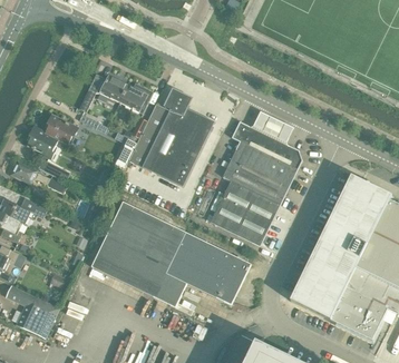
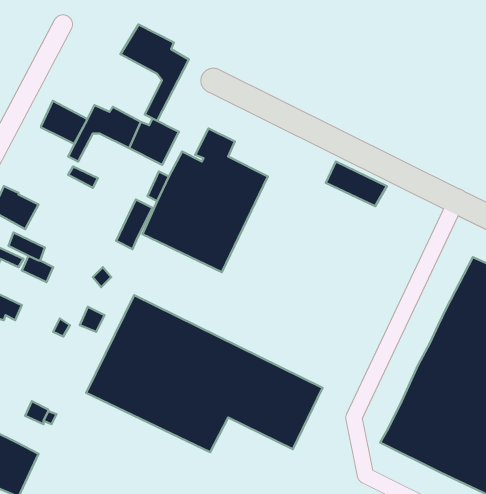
building: none -> [120,24,189,121]
building: [45,116,76,145] -> [41,101,87,144]
building: [210,121,302,246] -> none

